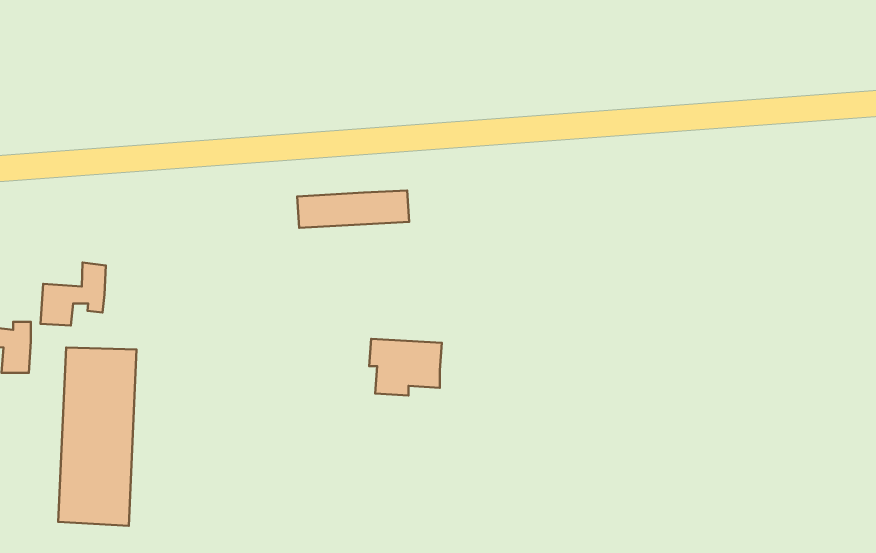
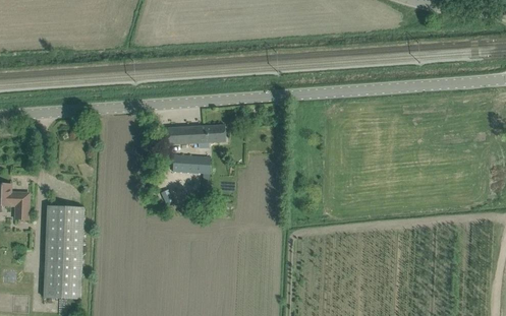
building: [41,263,106,325] -> none
building: [369,339,442,396] -> [172,154,210,184]

